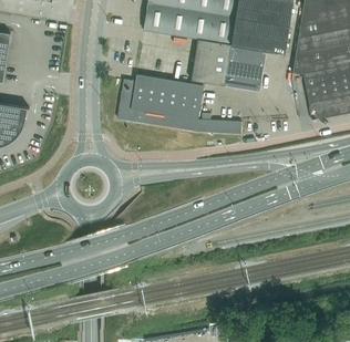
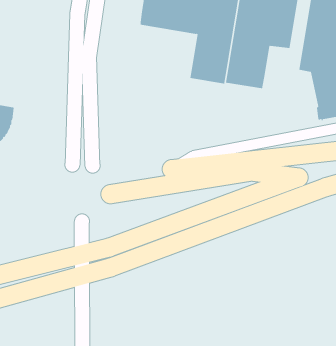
building: [117,75,241,134] -> none

